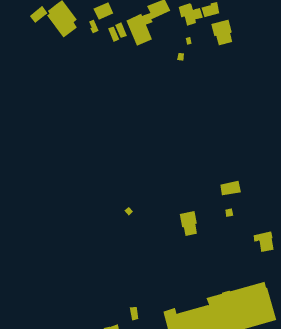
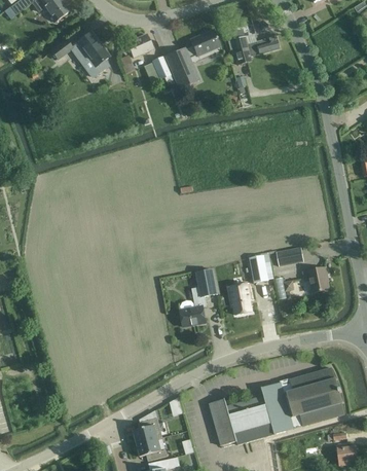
building: [211,19,233,46] -> none
building: none -> [248,253,270,283]
building: none -> [179,268,217,326]
building: [253,231,274,252] -> [302,266,328,292]

